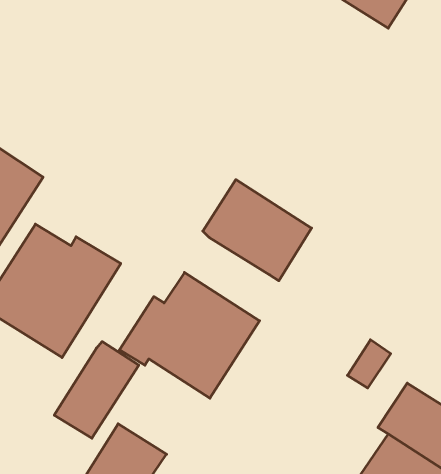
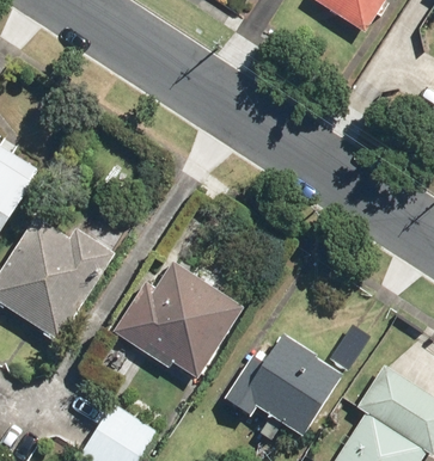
building: [203,180,312,281] -> none
building: [54,342,139,438] -> none
building: none -> [226,334,348,438]

